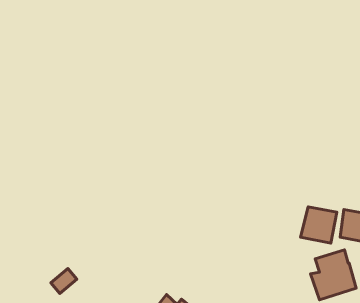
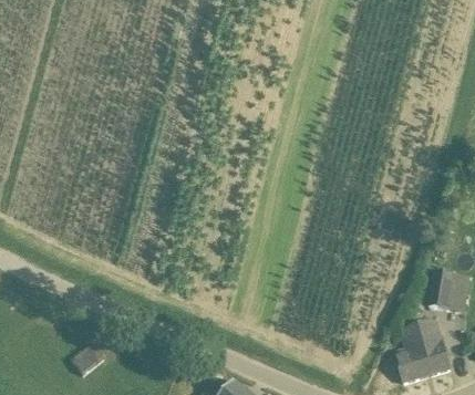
building: [300,207,337,243] -> none

